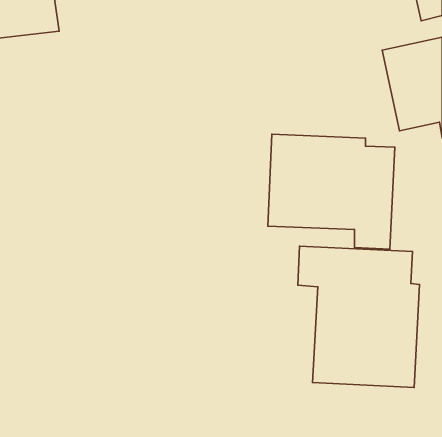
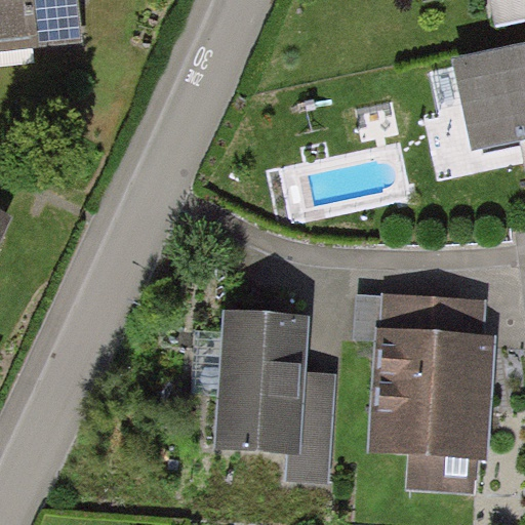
building: [268,134,395,249] -> none
building: none -> [215,314,336,486]

